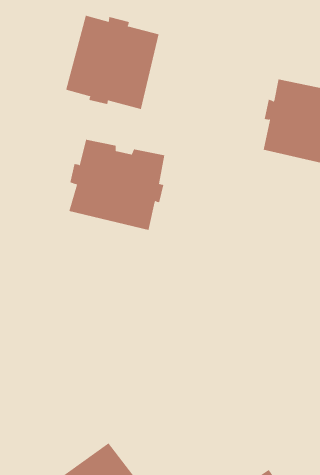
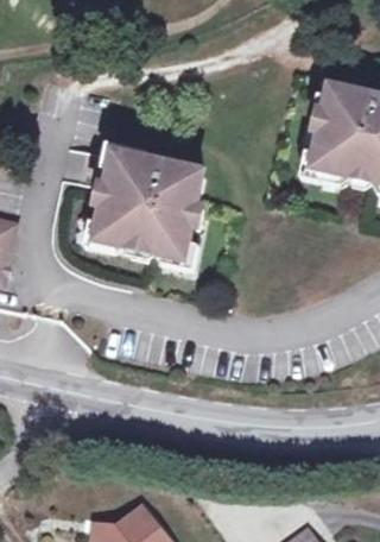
building: [66,15,159,110] -> none

